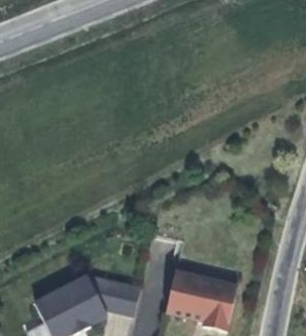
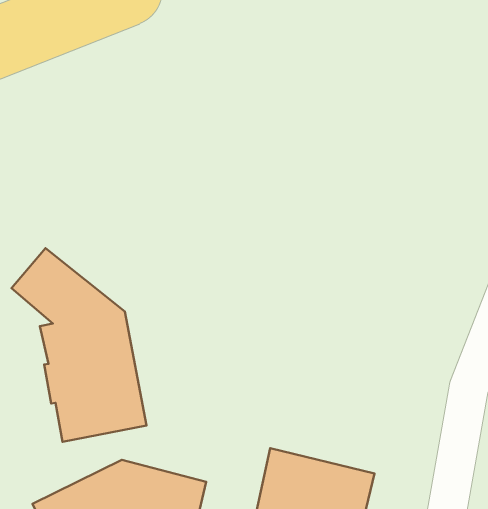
building: none -> [11,248,147,442]

